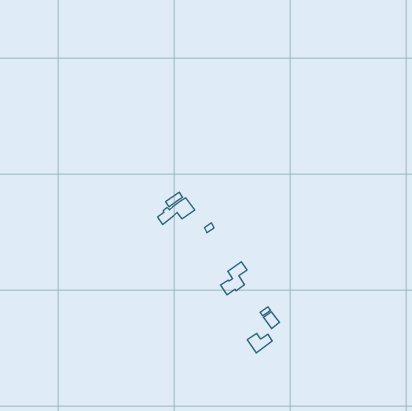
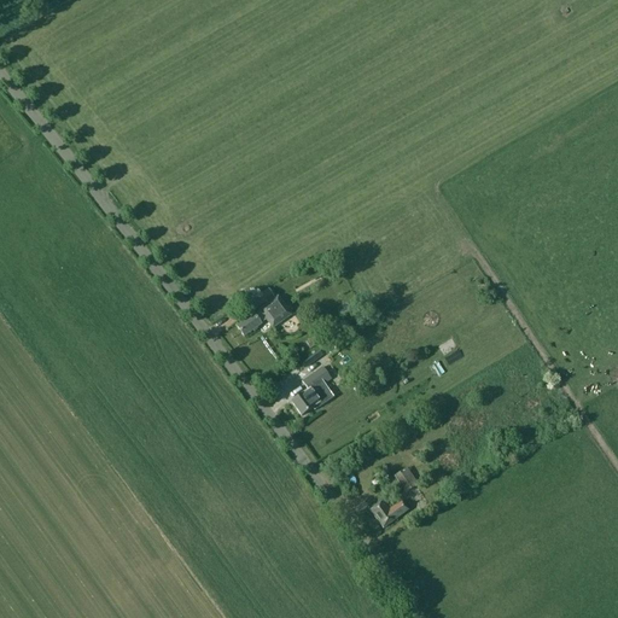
building: [220,262,247,295] -> [291,366,331,415]

